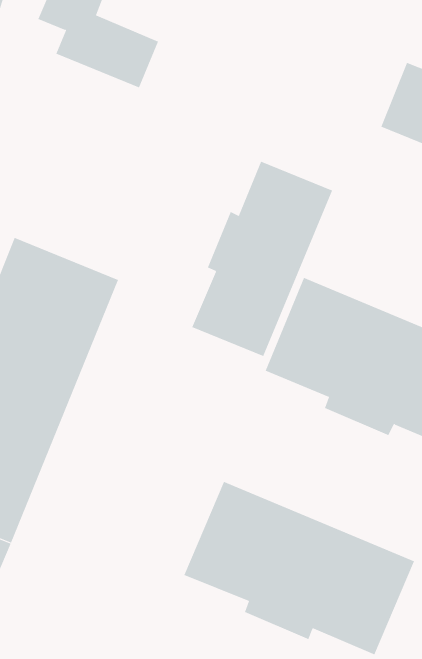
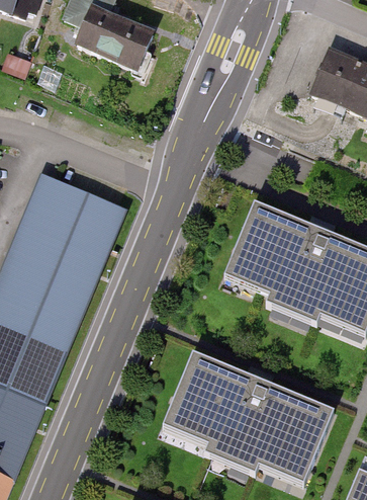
building: [192,161,333,357] -> none

